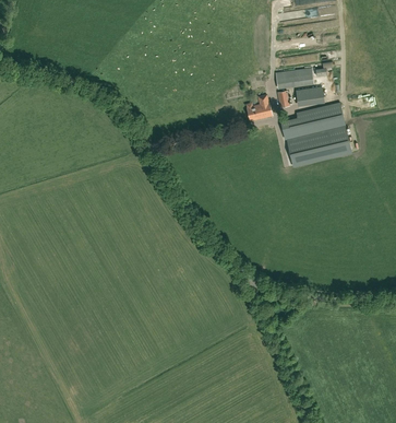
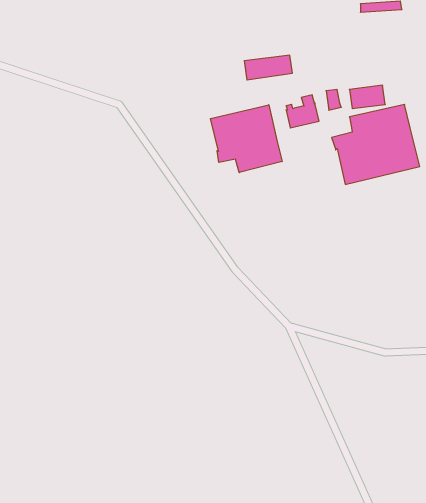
building: [275,68,313,87] -> [244,55,292,80]
building: none -> [210,105,282,173]

